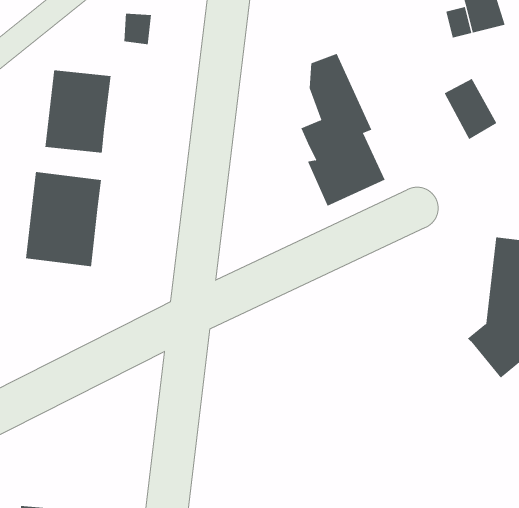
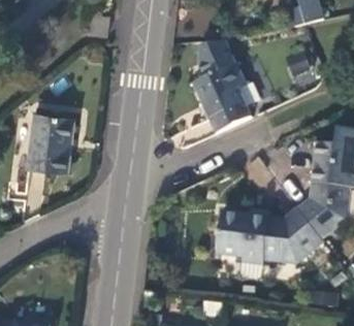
building: [45,69,111,153] -> none
building: none -> [221,215,321,262]

